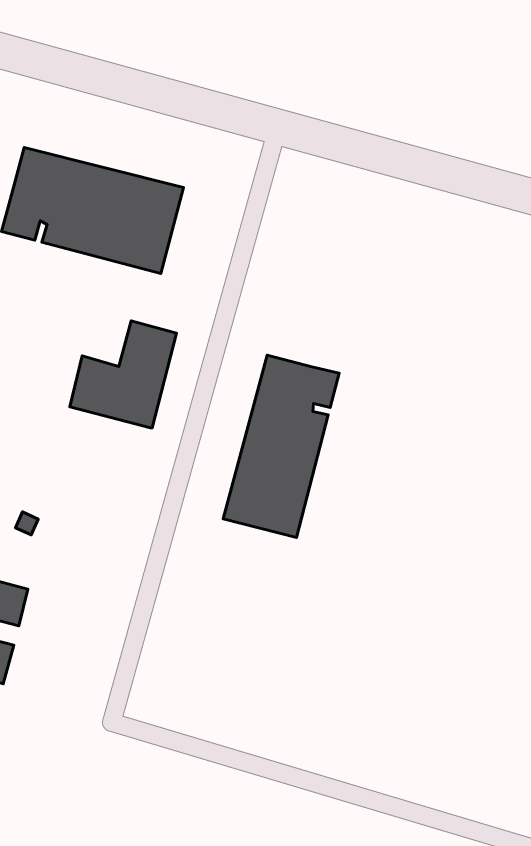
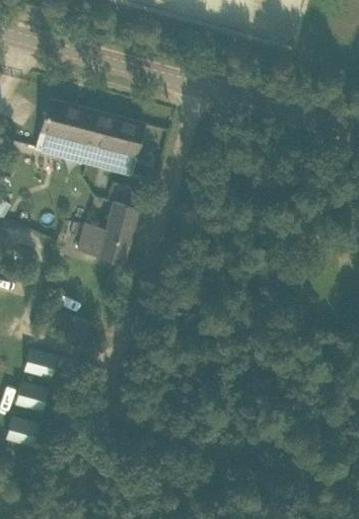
building: [223,355,339,538] -> none

